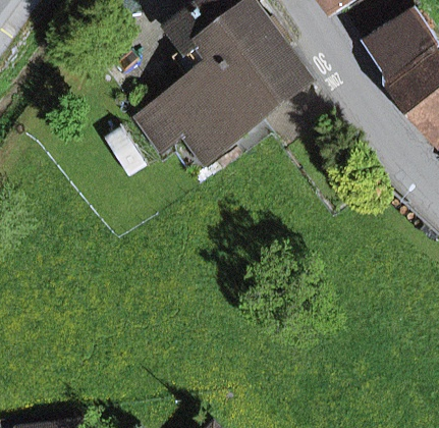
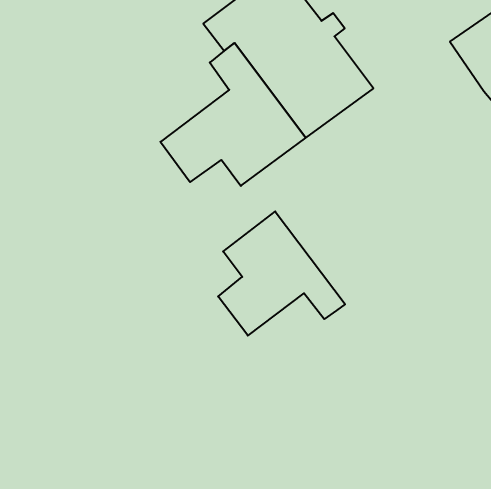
building: none -> [218,211,345,336]

